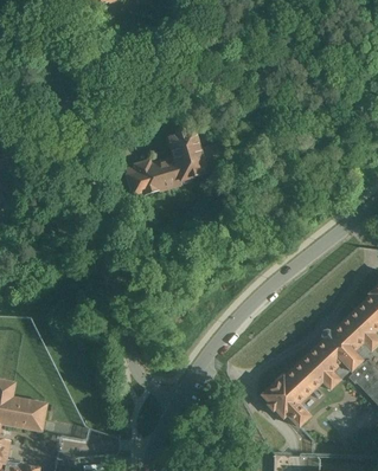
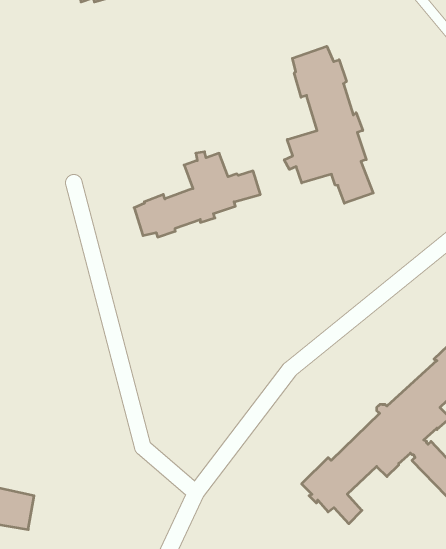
building: none -> [284,46,373,203]

